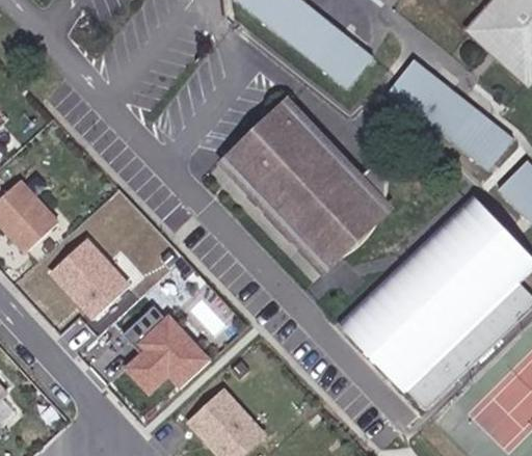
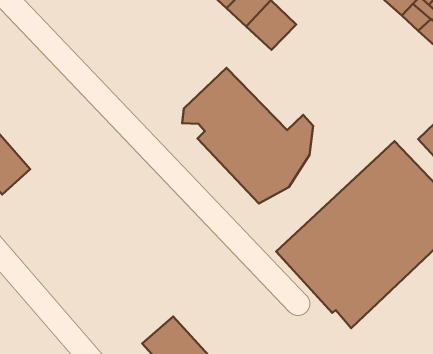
building: [397,59,516,175] -> none
building: [51,238,130,318] -> none
building: [122,306,209,394] -> none

